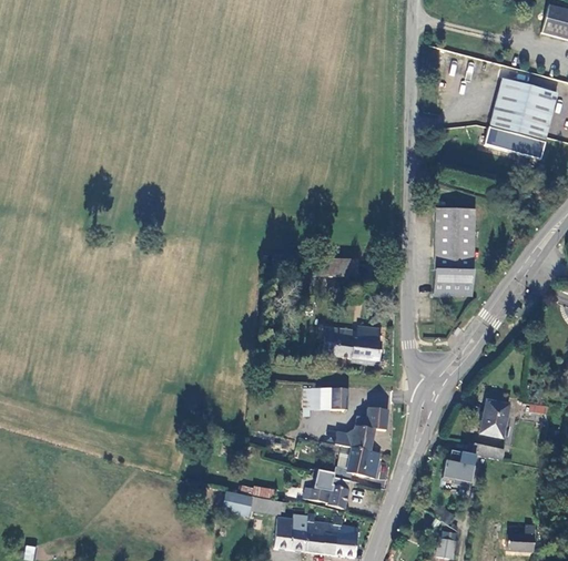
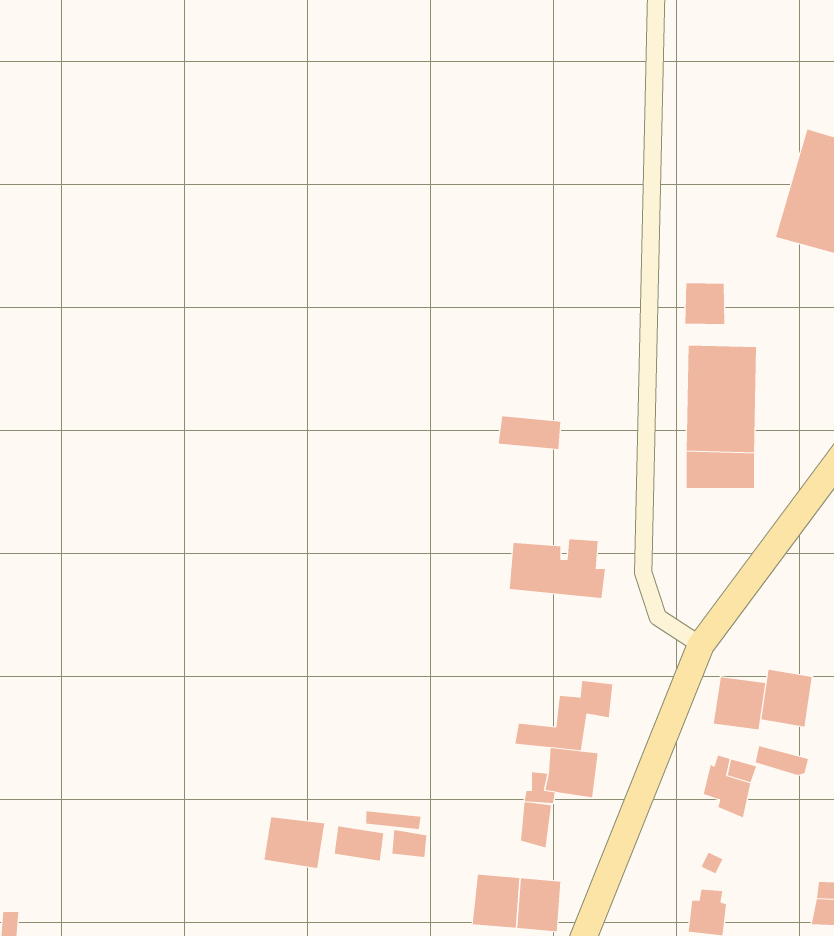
building: none -> [685,283,725,325]
building: [312,386,349,410] -> none
building: none -> [713,676,766,730]
building: [308,472,337,502] -> none
building: none -> [264,817,325,869]
building: [275,520,308,552] -> none

